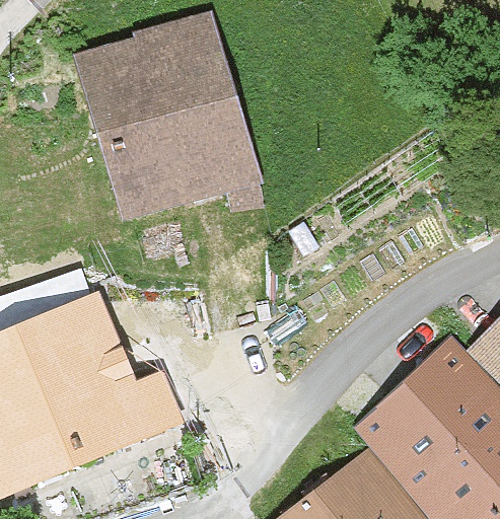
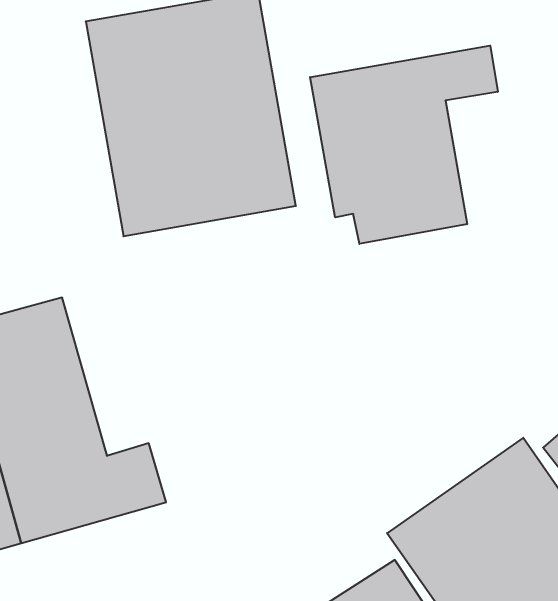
building: none -> [310,46,498,244]

